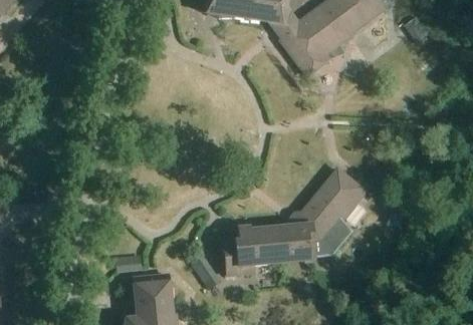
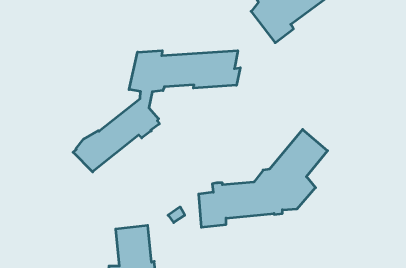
building: none -> [73,51,240,172]

